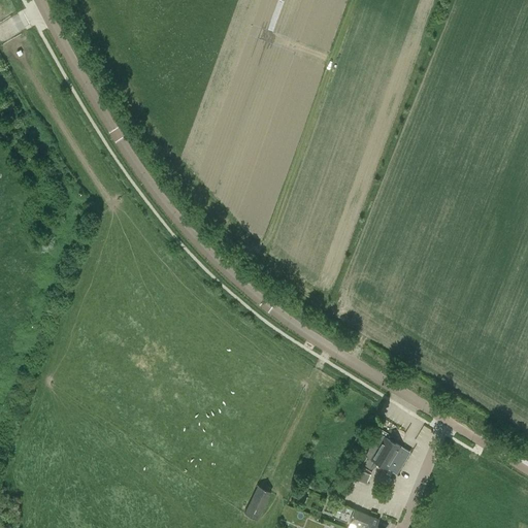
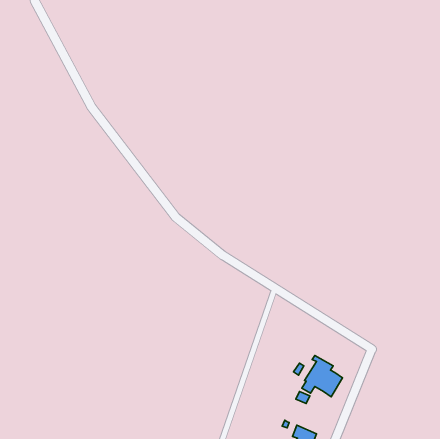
building: [245,487,272,521] -> none

